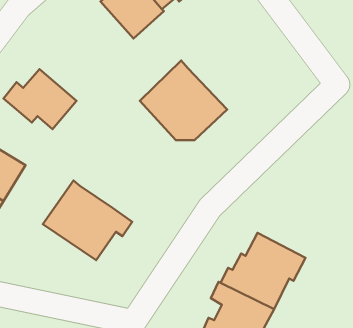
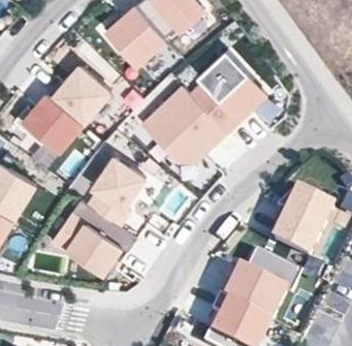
building: none -> [189,48,268,133]
building: none -> [49,60,114,125]
building: none -> [87,157,145,226]
building: none -> [273,193,332,259]

